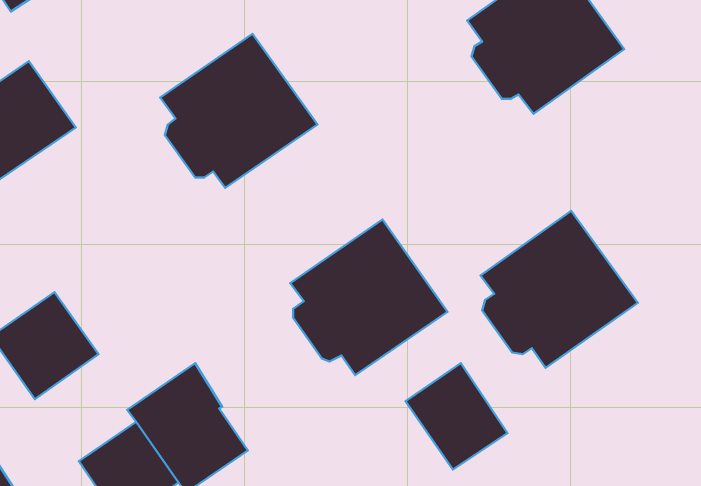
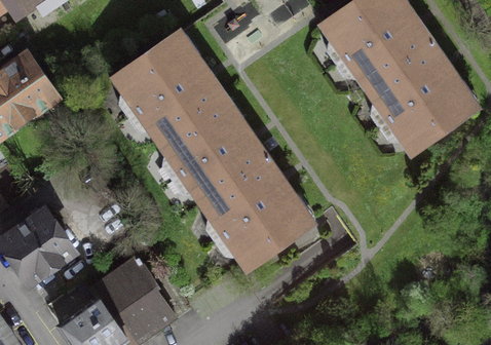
building: none -> [161,94,268,202]
building: [481,211,638,368] -> [371,43,478,150]
building: [406,363,508,470] -> none

